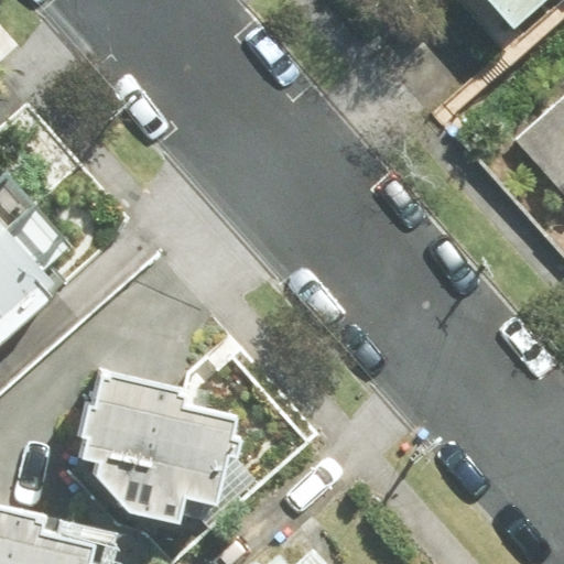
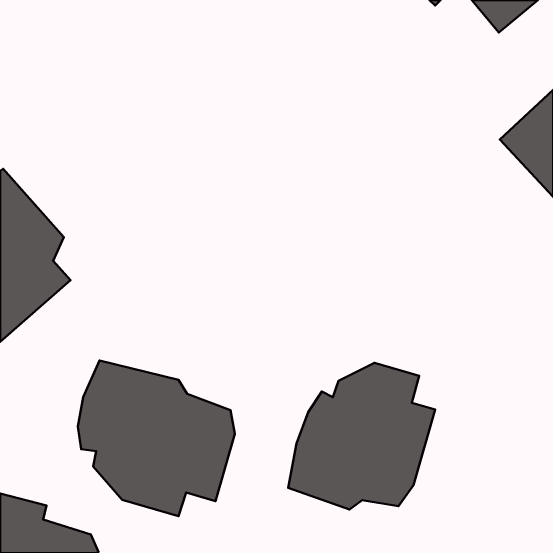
building: none -> [288,363,435,509]

